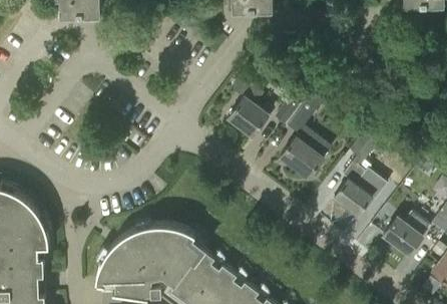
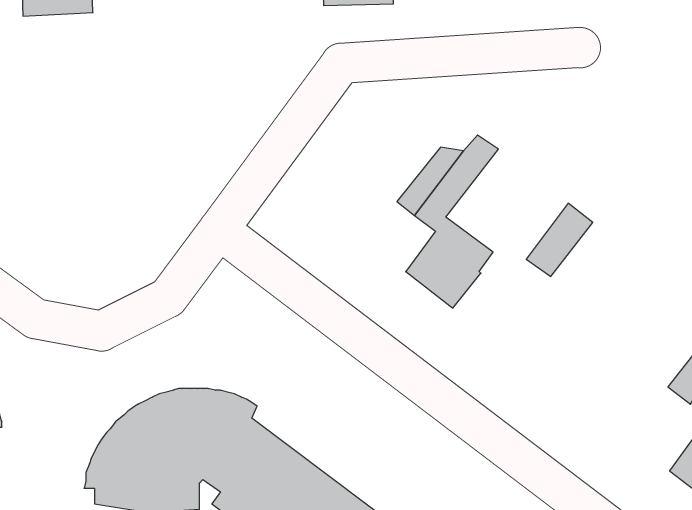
building: [228,79,272,139] -> none
building: [333,163,387,220] -> none
building: [382,215,428,258] -> none

